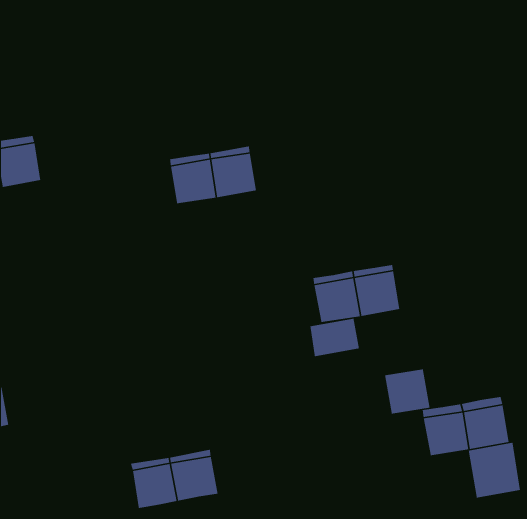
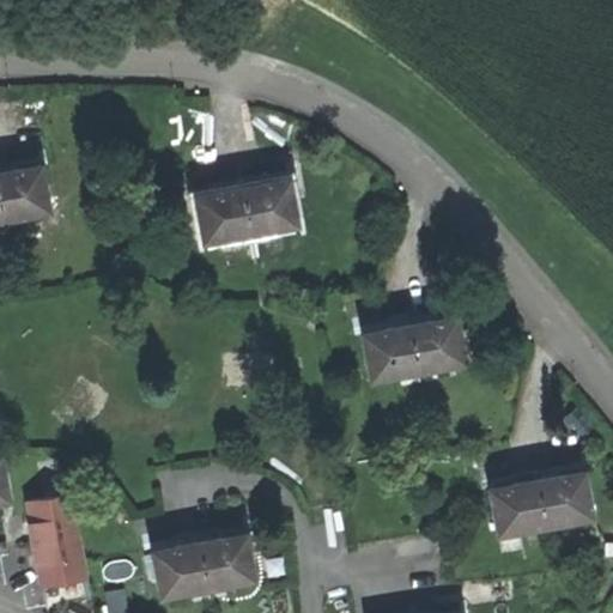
building: [310,318,360,357] -> none
building: [384,369,431,414] -> none
building: none -> [28,500,89,594]
building: [468,442,521,499] -> none

